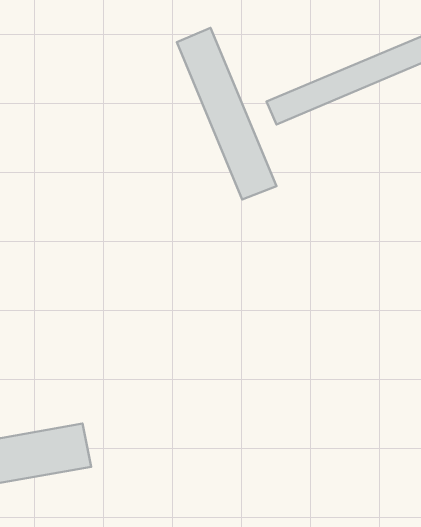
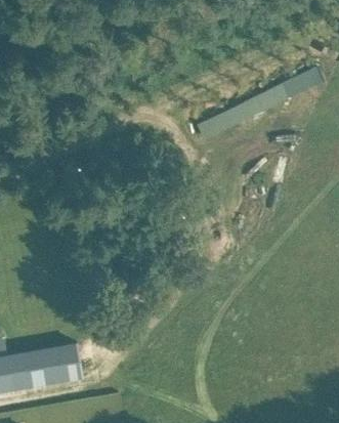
building: [177,28,277,199] -> none

